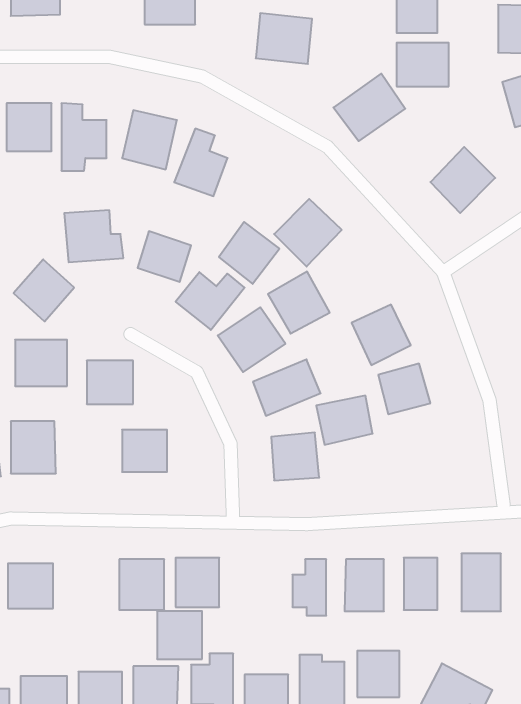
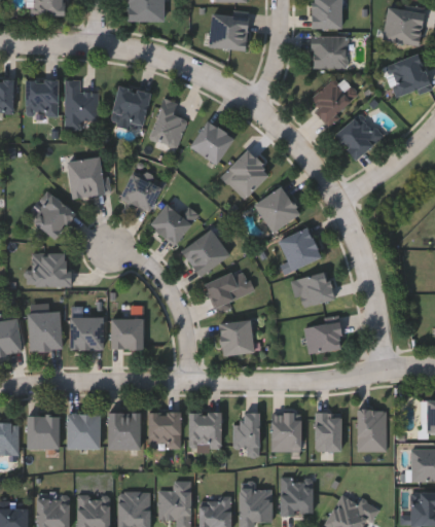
building: [333,74,405,141] -> [307,75,360,125]
building: [219,222,279,284] -> [189,120,233,166]
building: [268,272,330,334] -> [254,186,299,232]
building: [87,361,133,404] -> [70,318,104,350]
building: [316,396,373,445] -> [304,319,346,355]
building: none -> [67,415,100,449]
building: [157,611,202,659] -> [189,414,222,449]

